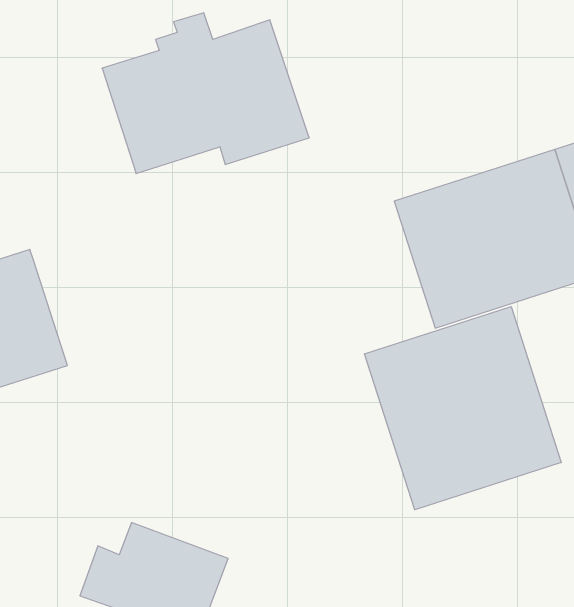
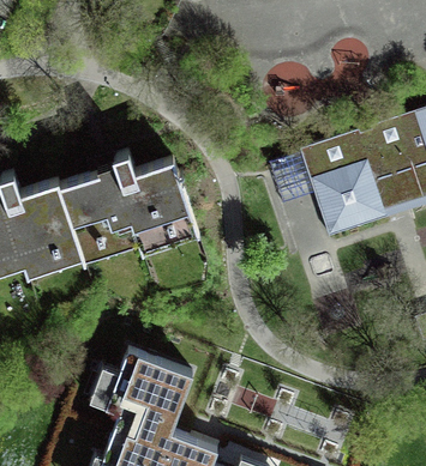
building: [102,13,309,174] -> [61,147,200,255]
building: [365,307,561,510] -> none

